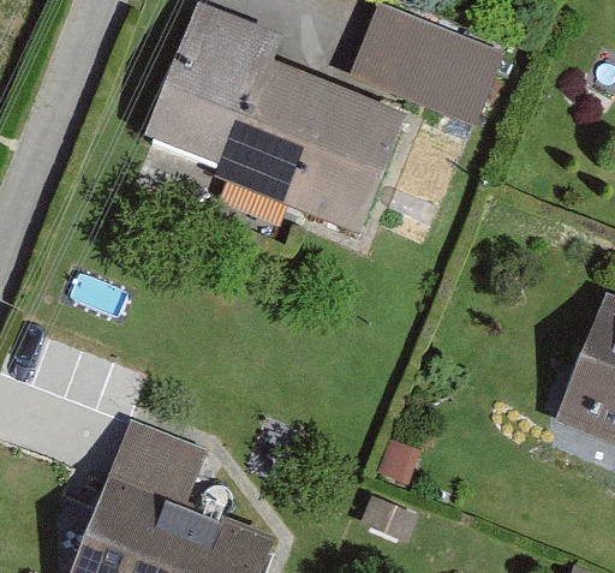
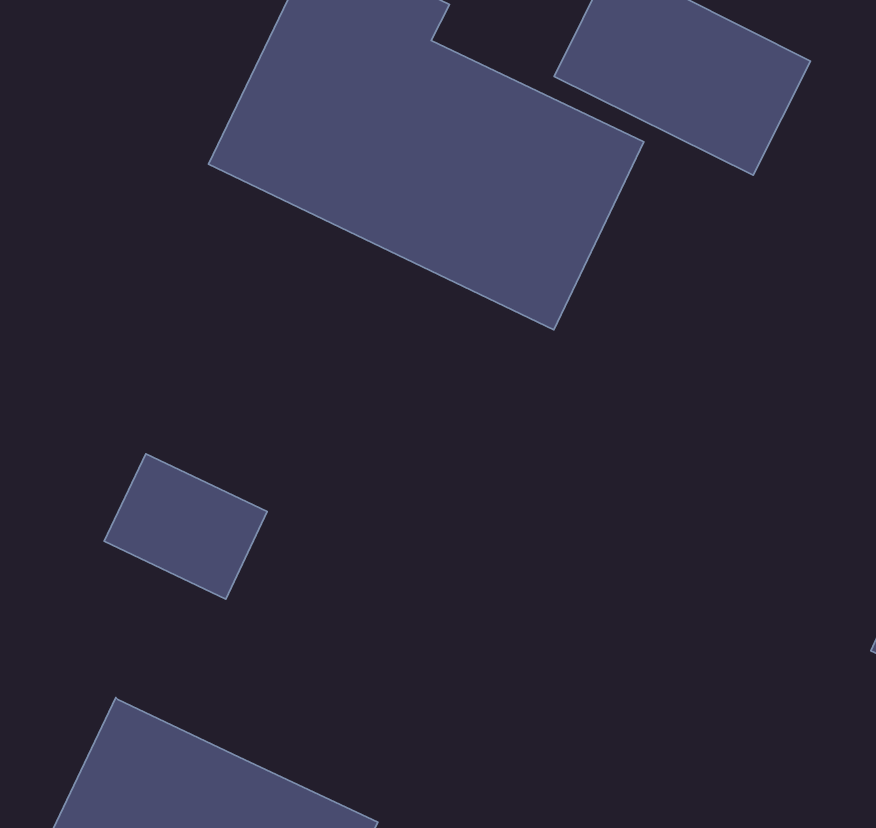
building: [109,419,208,505] -> [104,454,267,599]

